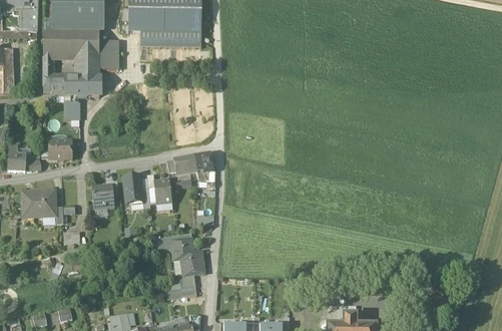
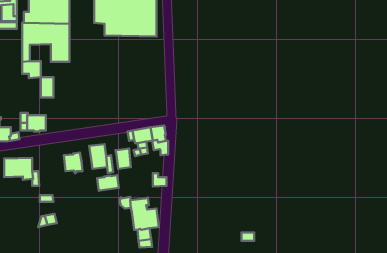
building: [99,39,118,68] -> none
building: [65,75,99,94] -> none
building: none -> [97,175,119,191]

